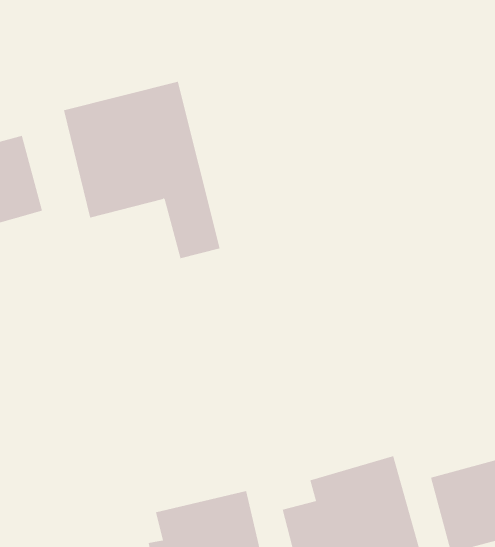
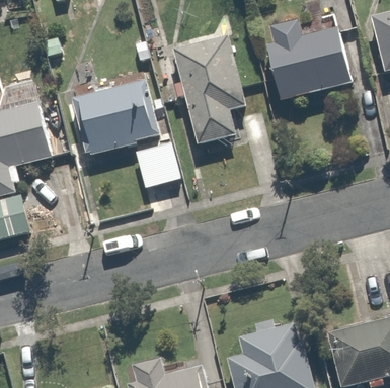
building: none -> [266,18,361,98]
building: none -> [174,42,251,147]

